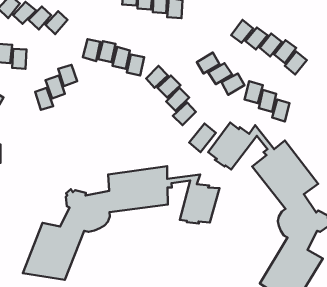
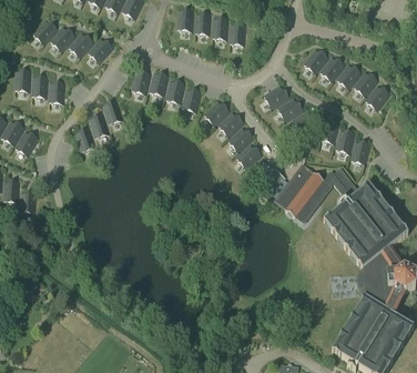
building: [23,166,220,280] -> none

